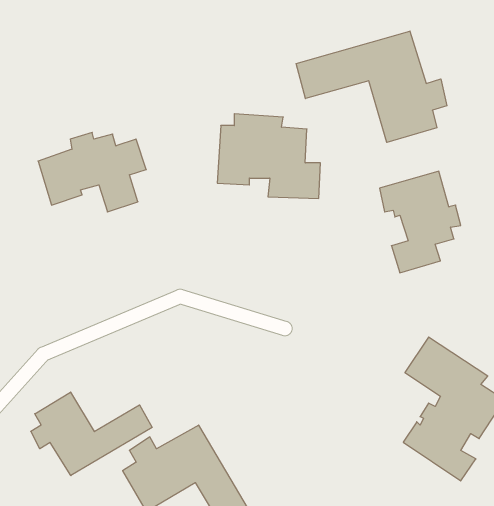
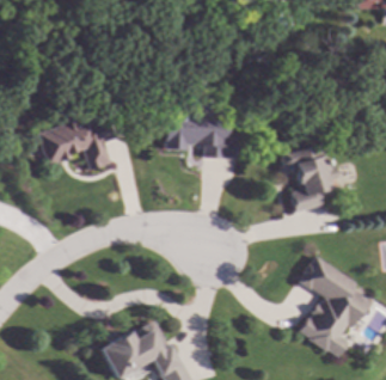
building: [296,31,447,142] -> none
building: [31,392,152,476] -> none

